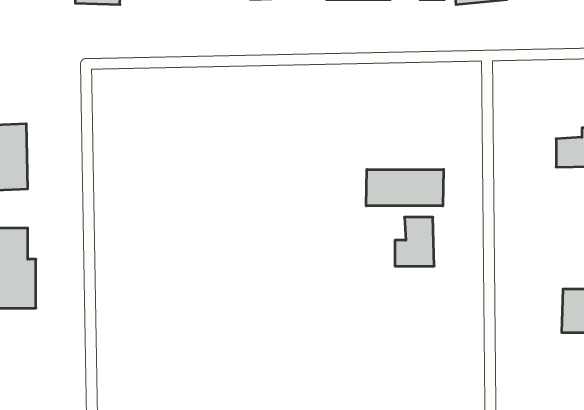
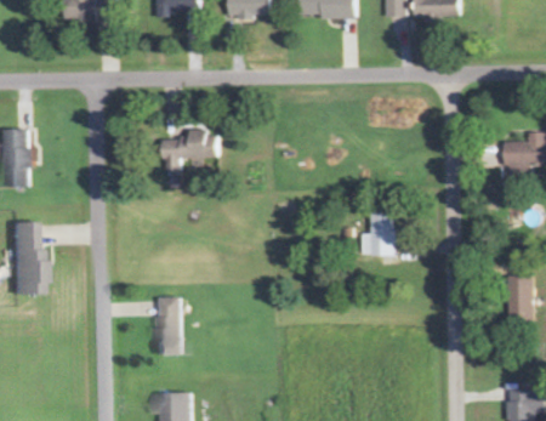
building: none -> [161,131,220,172]
building: [366,169,444,206] -> none
building: none -> [154,297,182,354]

